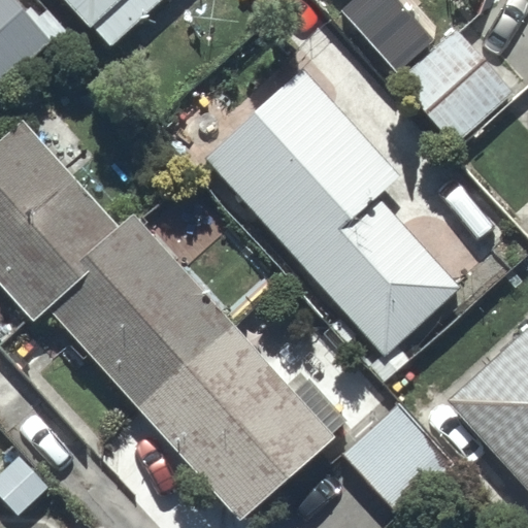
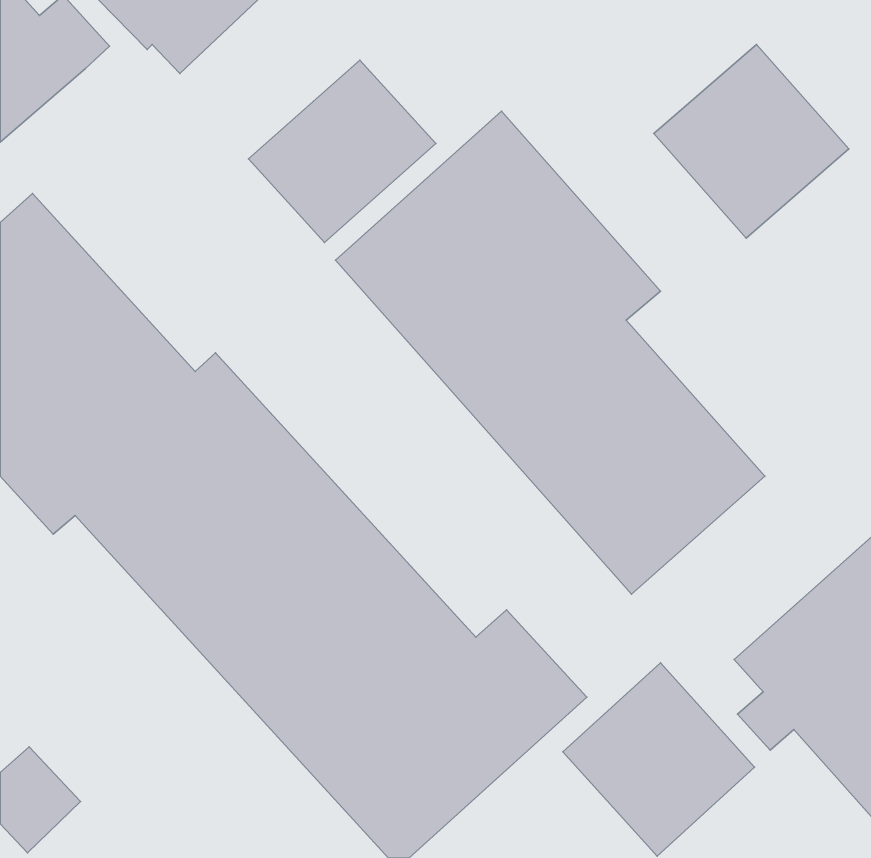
building: none -> [248,60,436,242]

